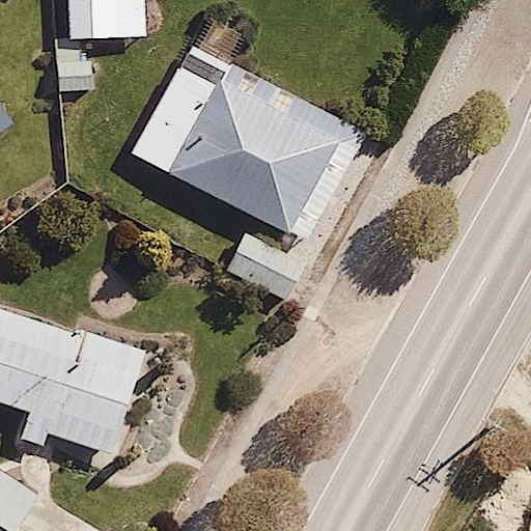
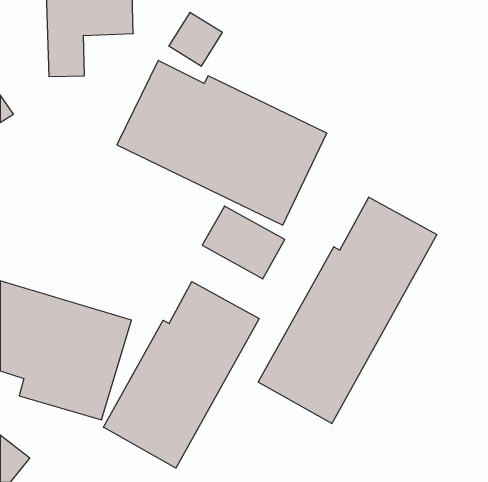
building: none -> [258,197,437,424]
building: none -> [103,282,259,468]

